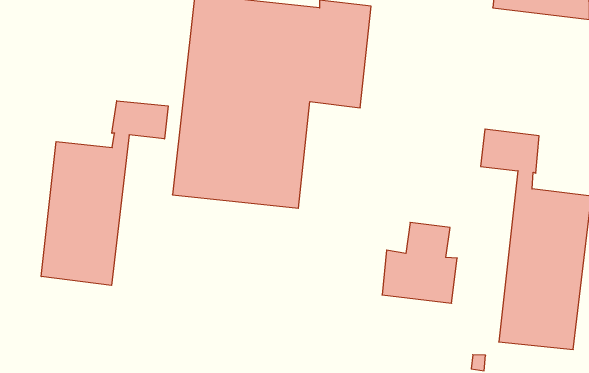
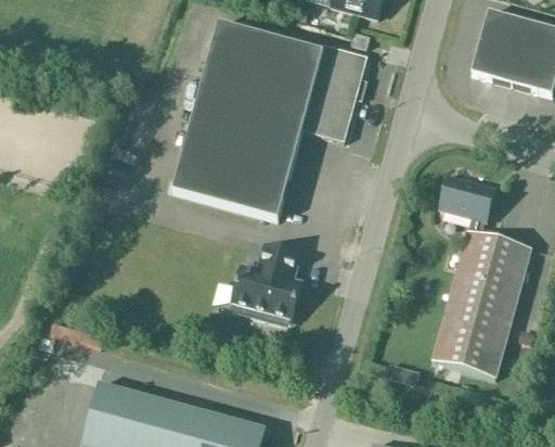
building: [41,101,168,285] -> none
building: [382,222,457,303] -> [231,246,300,321]

